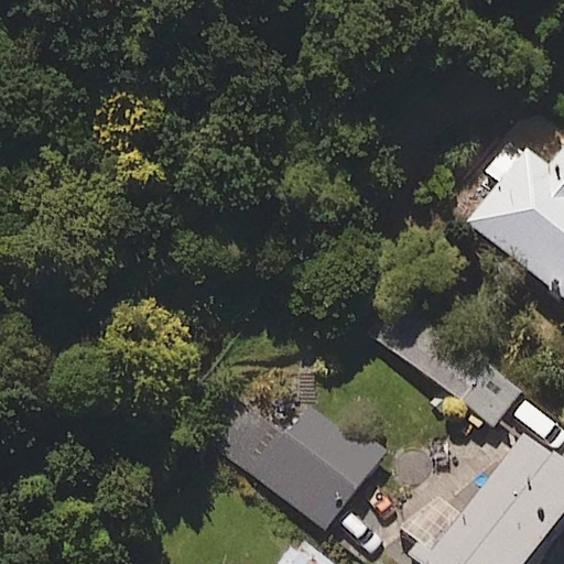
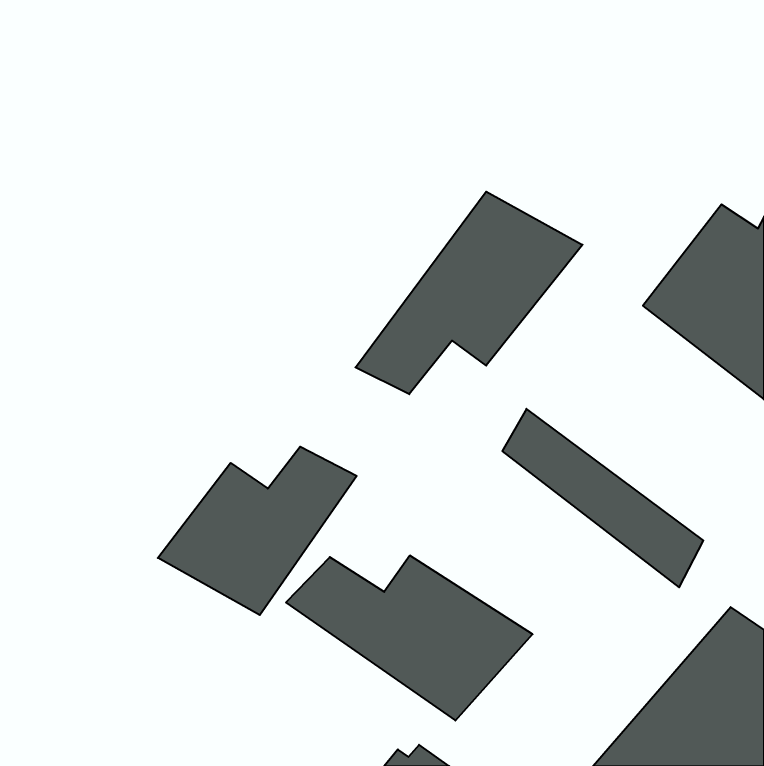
building: none -> [355,192,583,394]
building: none -> [158,447,357,615]

